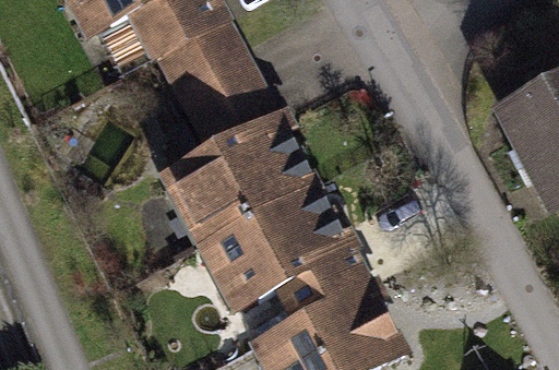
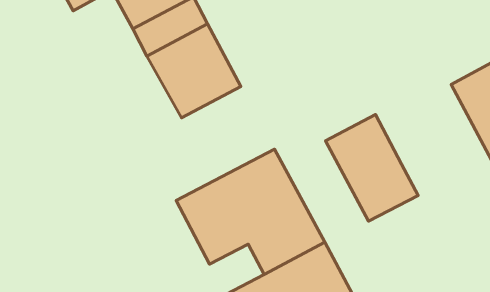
building: [166,118,308,241] -> none
building: none -> [326,115,418,221]

